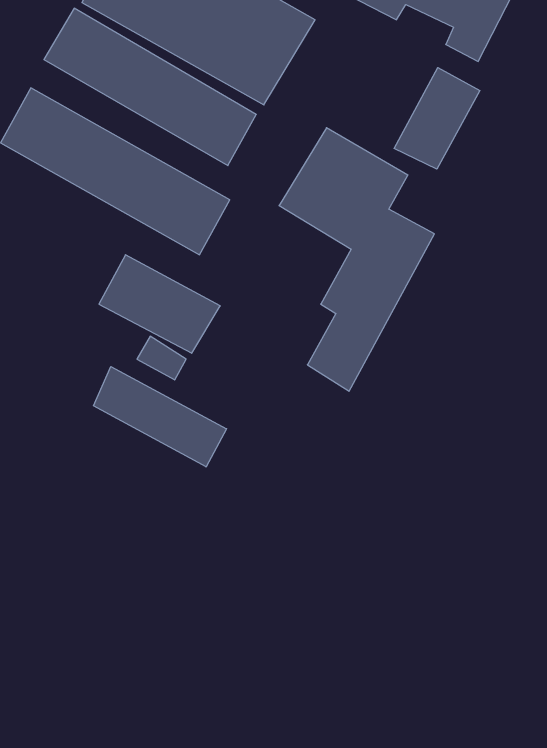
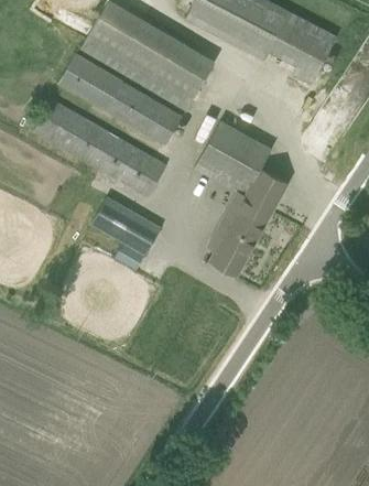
building: [394,68,480,169] -> none
building: [93,367,227,467] -> none

